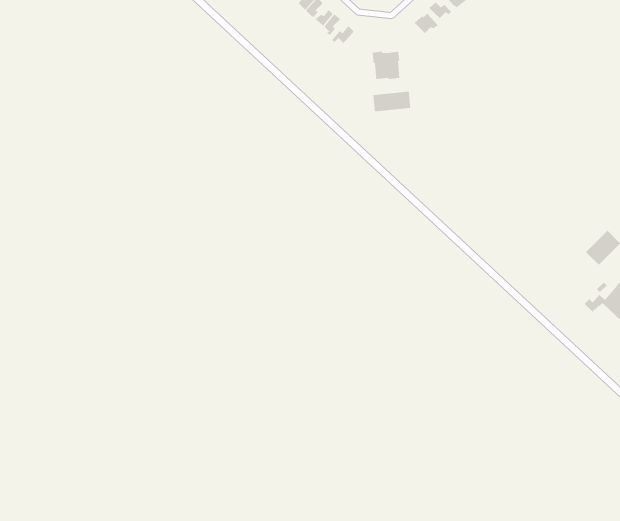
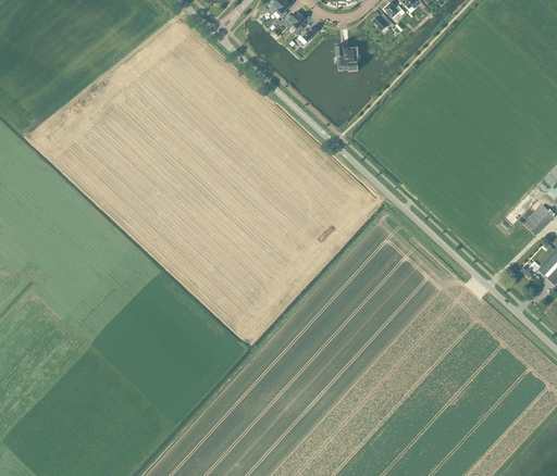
building: [373,91,411,112] -> none

